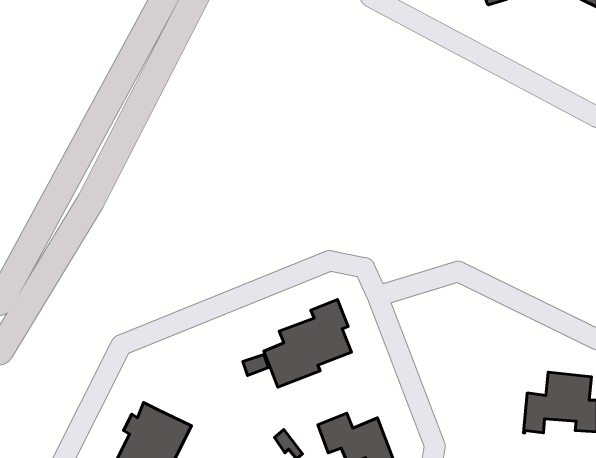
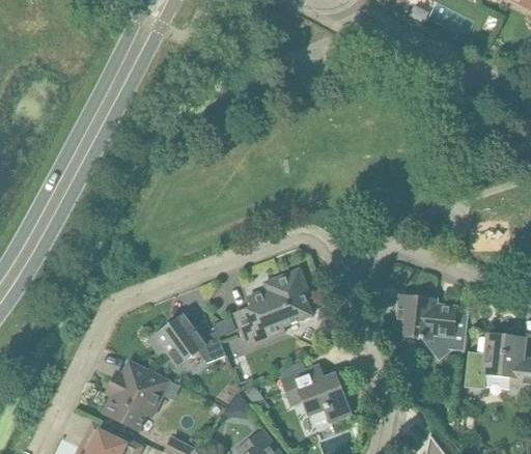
building: none -> [397,294,469,354]
building: none -> [152,313,226,366]

